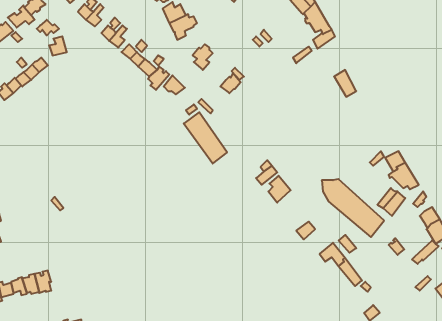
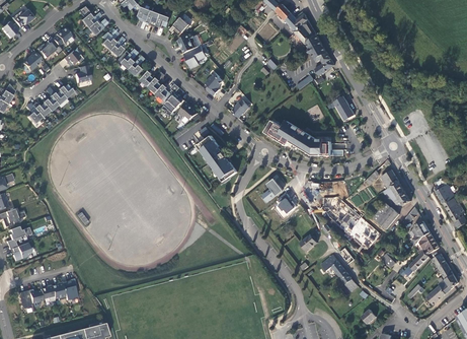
building: none -> [263,121,330,156]

